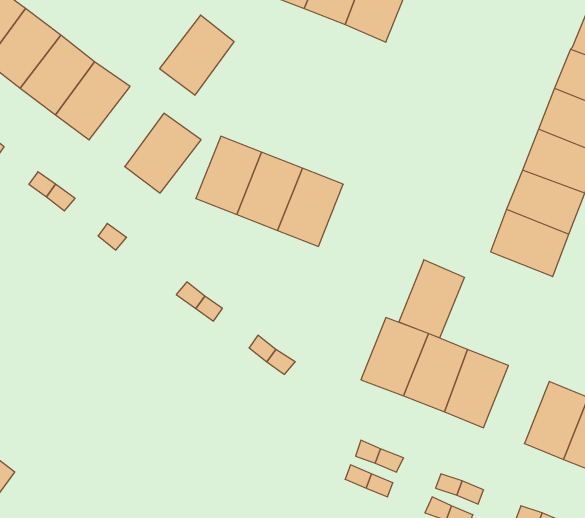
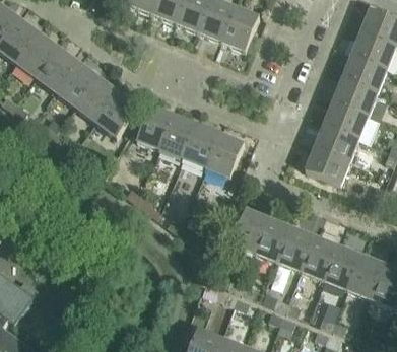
building: [160,15,234,95] -> [75,76,118,122]
building: [399,260,465,338] -> [206,132,244,177]
building: none -> [301,235,338,280]

